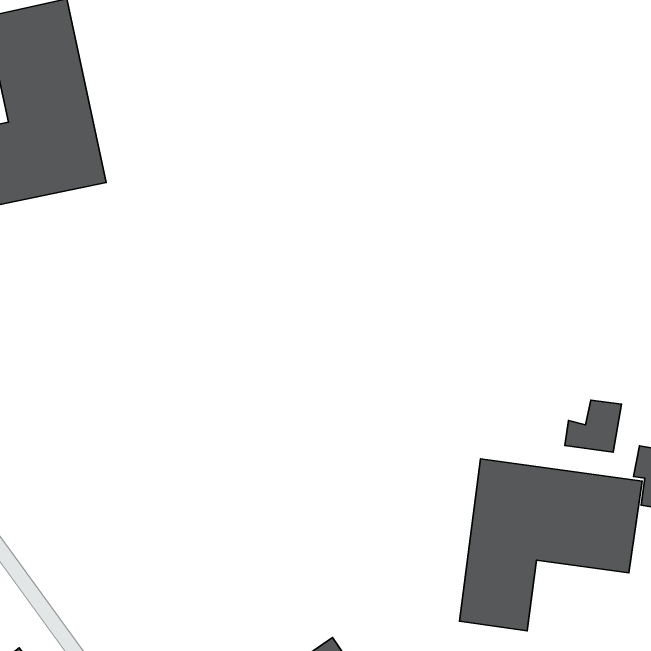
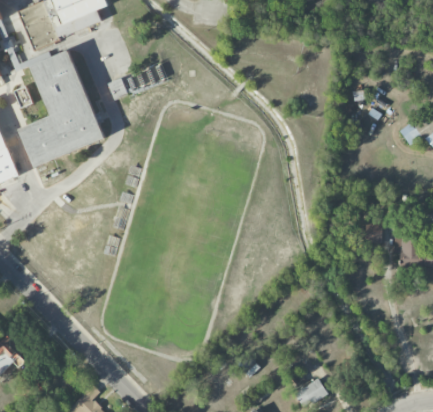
building: [460,459,642,631] -> none

